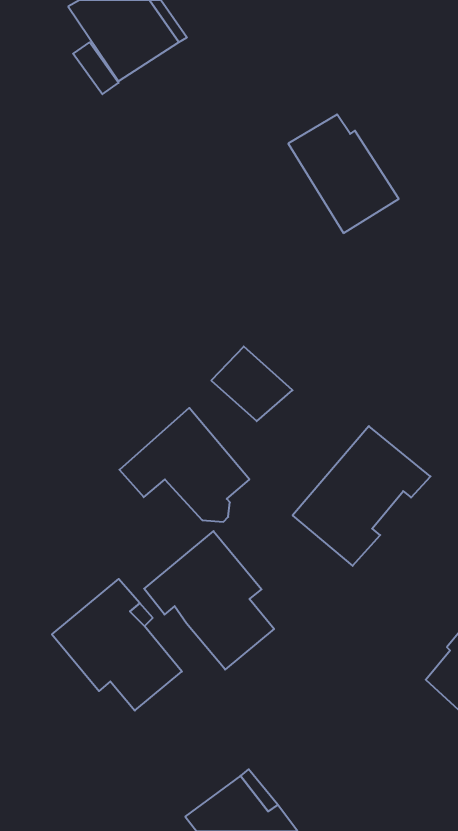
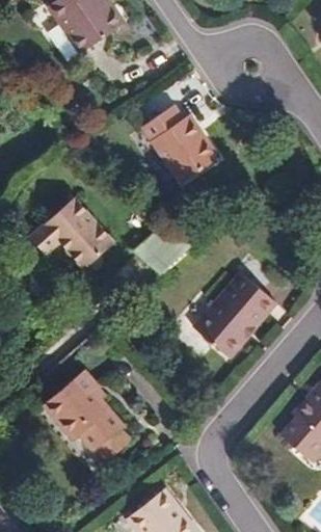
building: [288,114,399,233] -> [142,95,213,170]
building: [119,408,249,522] -> [29,197,112,270]
building: [144,531,274,670] -> none

